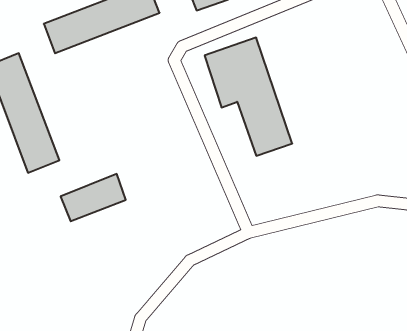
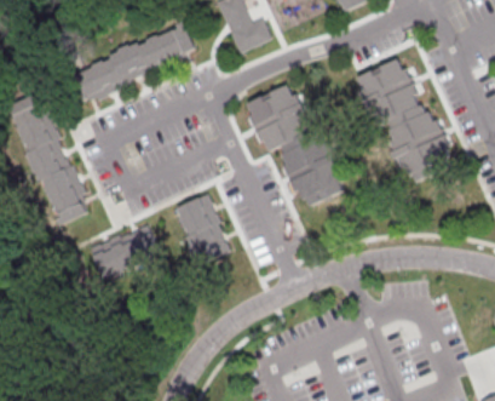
building: none -> [357,58,453,184]
building: none -> [174,194,230,264]

